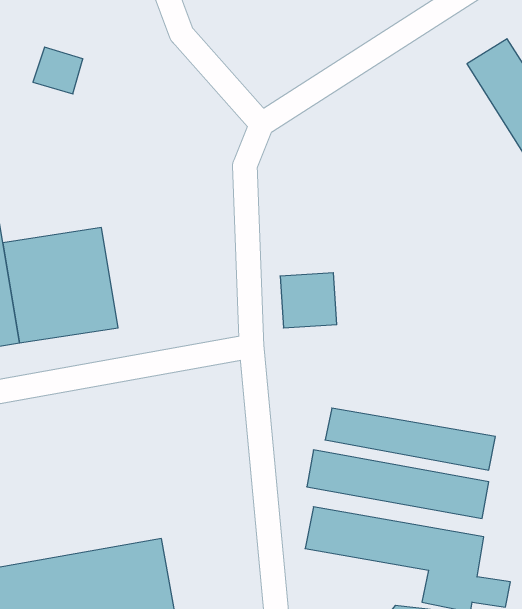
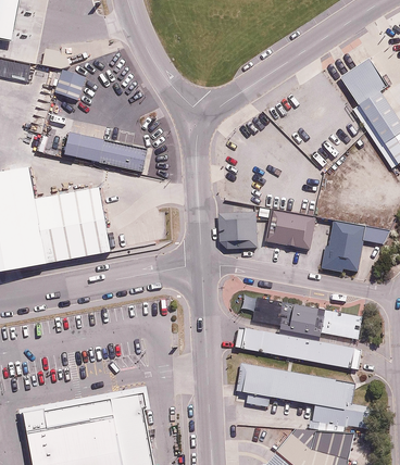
building: none -> [70,127,151,167]
building: none -> [264,209,312,250]
building: none -> [322,223,363,277]

